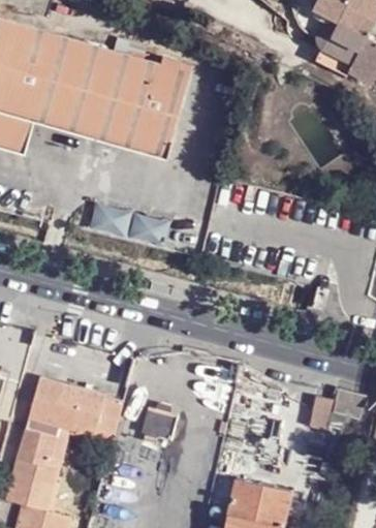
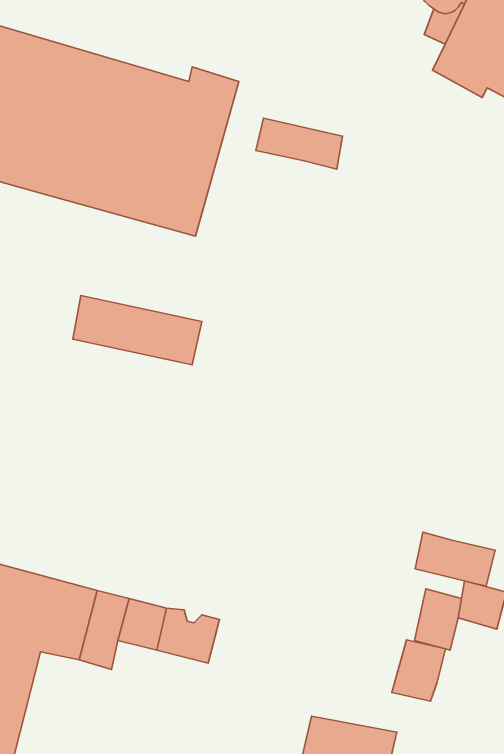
building: none -> [256,118,343,169]
building: none -> [415,532,495,586]
building: none -> [392,640,445,701]

